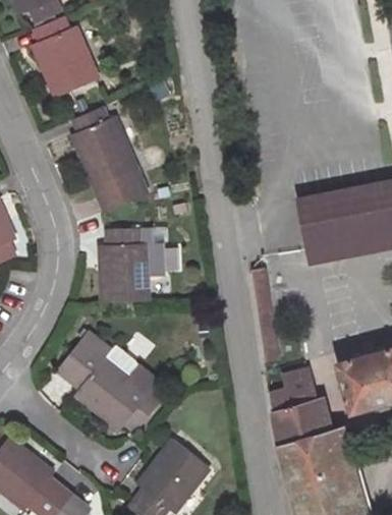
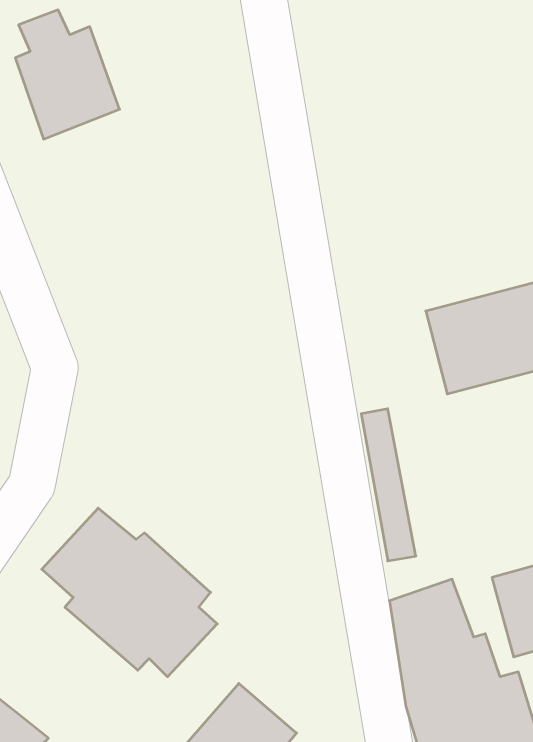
building: [74,112,150,219] -> none
building: [103,221,164,320] -> none

